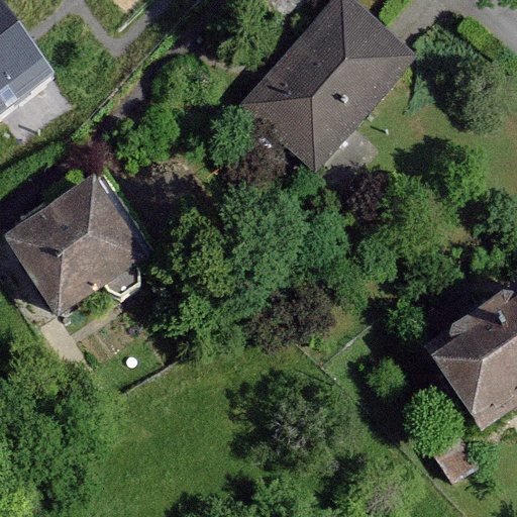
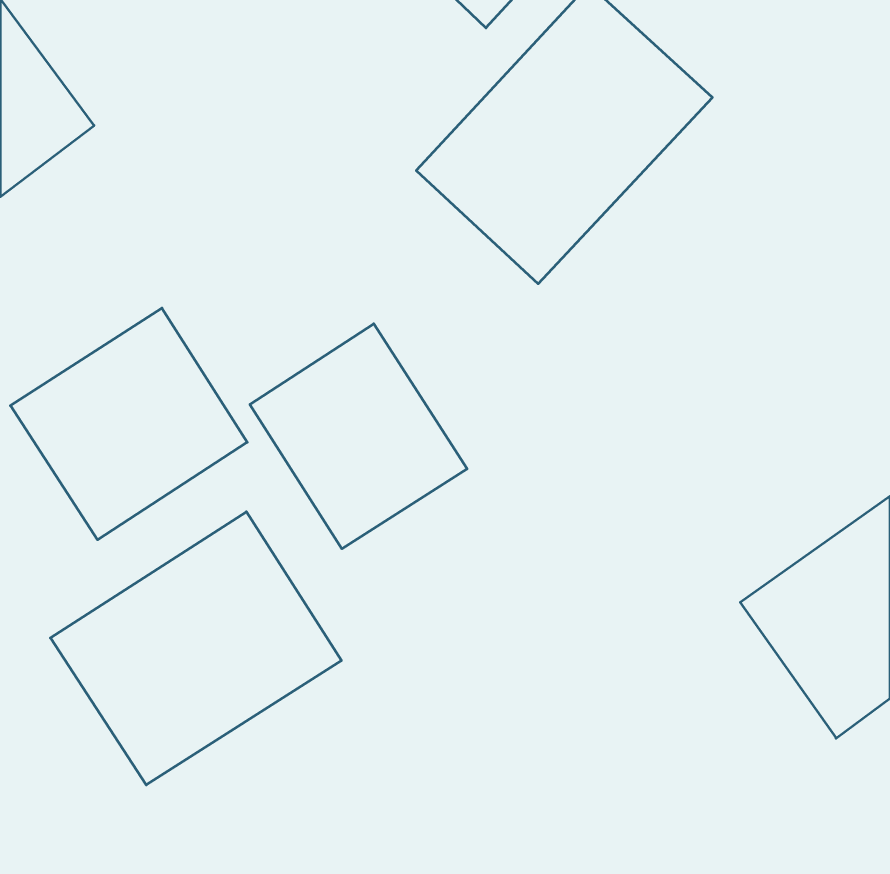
building: none -> [250,324,467,549]
building: none -> [50,512,341,785]

